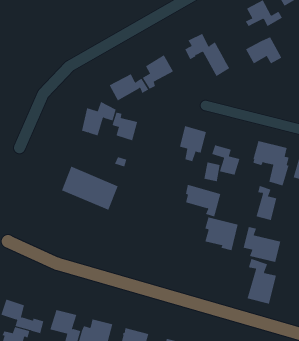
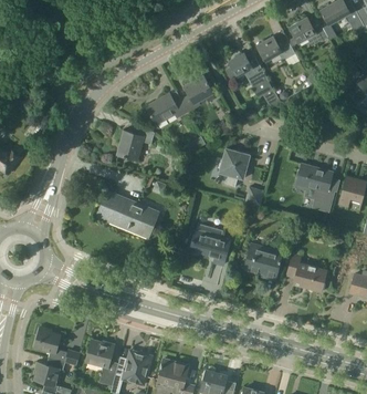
building: [245,37,282,64] -> [256,31,295,60]
building: [112,112,138,141] -> none
building: [212,144,240,176] -> none
building: [185,184,221,217] -> [192,231,230,266]
building: [256,185,277,221] -> none
building: [247,258,276,305] -> none

